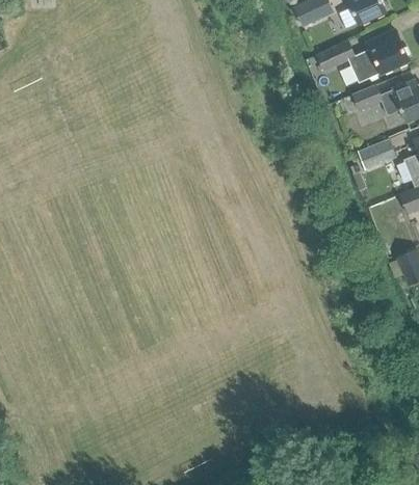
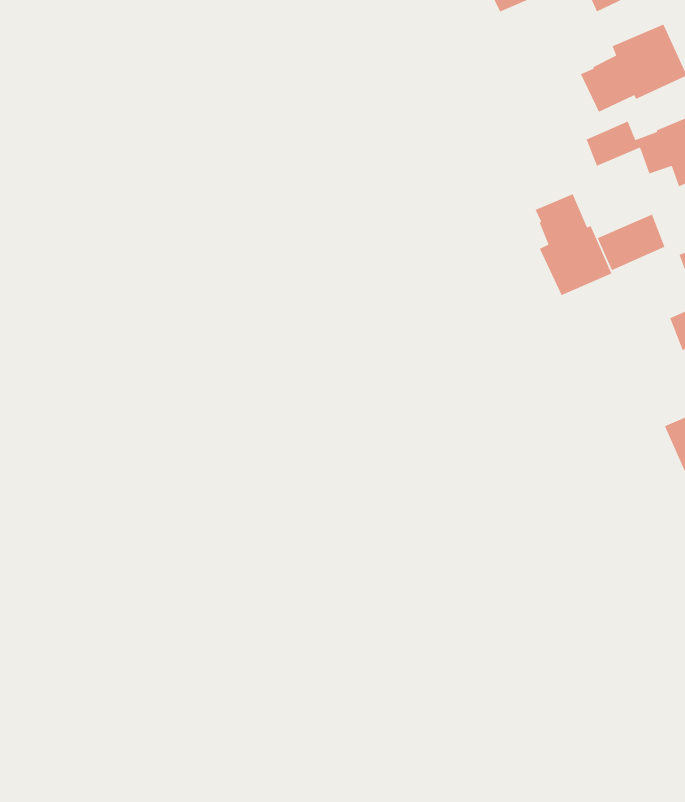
building: [316,39,356,72] -> none
building: none -> [535,193,612,296]

